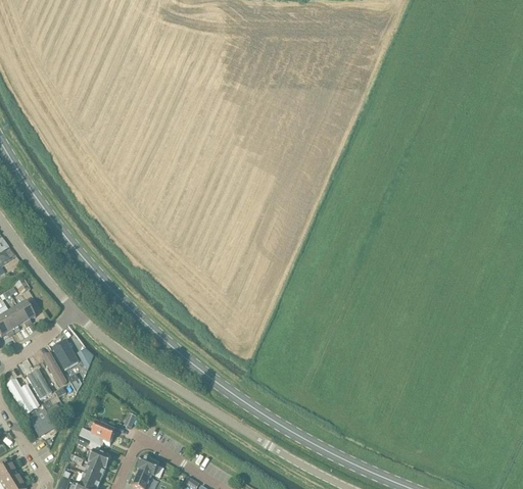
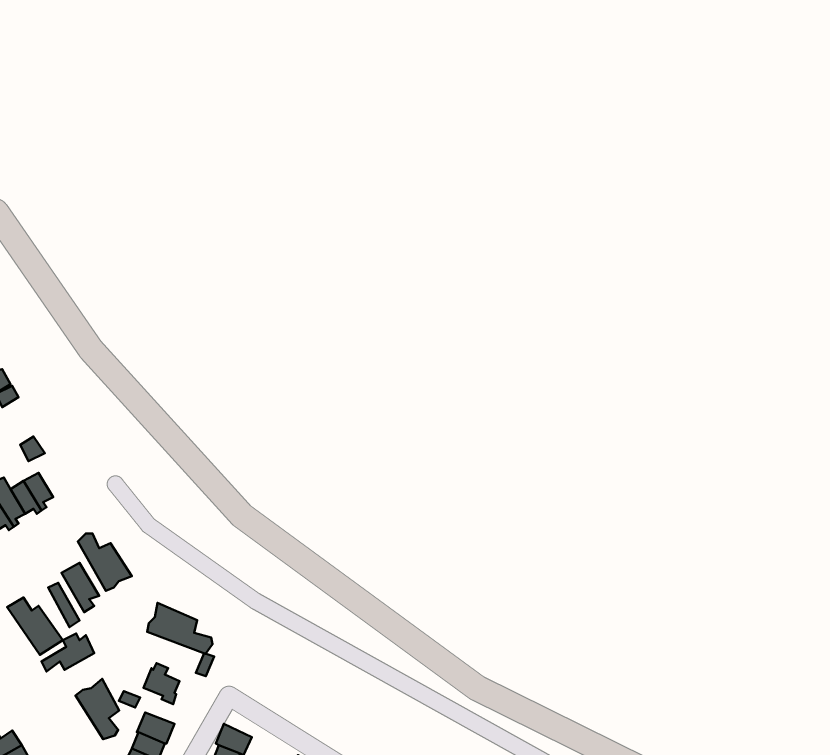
building: none -> [147,603,213,654]
building: none -> [76,679,119,739]

